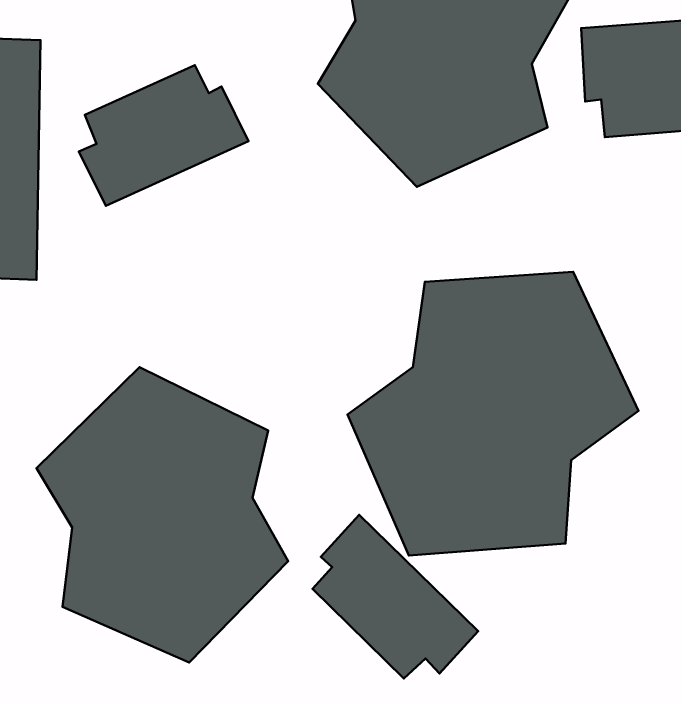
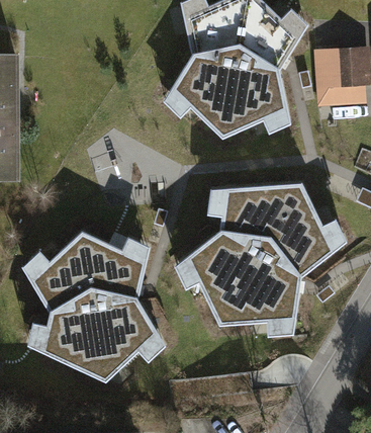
building: [79,65,249,206] -> none
building: [313,515,478,679] -> none

